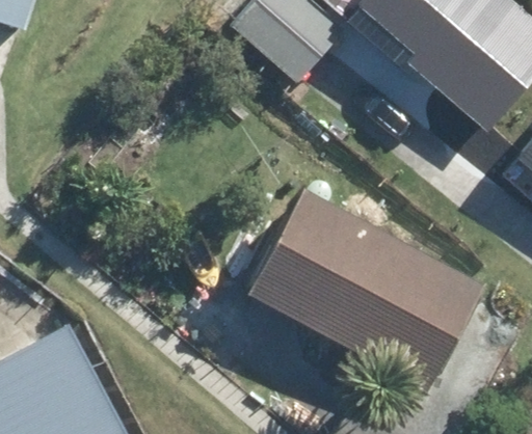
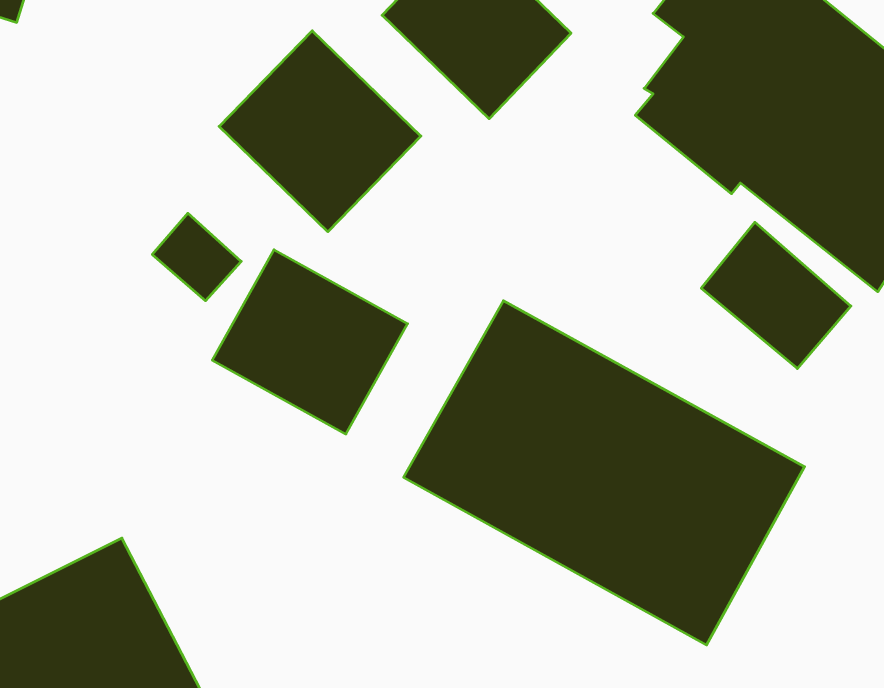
building: none -> [219,31,421,232]
building: none -> [212,250,408,434]

